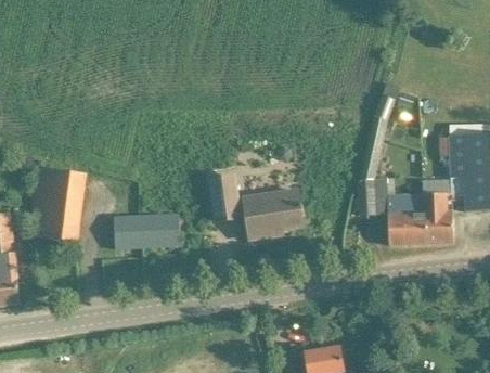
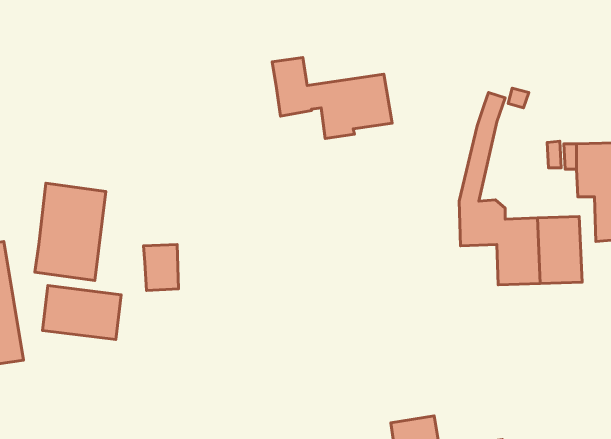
building: [209,176,302,239] -> [272,58,392,138]
building: [140,213,181,248] -> none
building: none -> [43,286,121,339]

